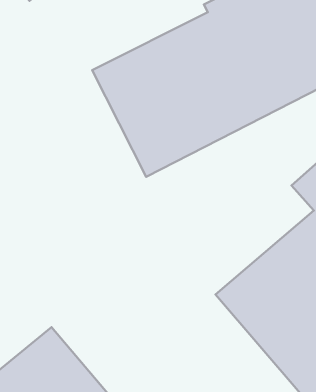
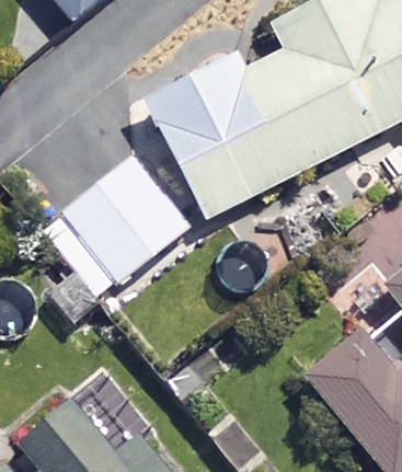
building: none -> [65,159,189,284]

